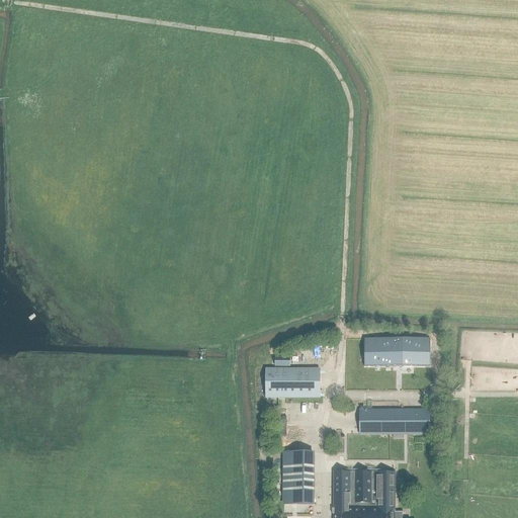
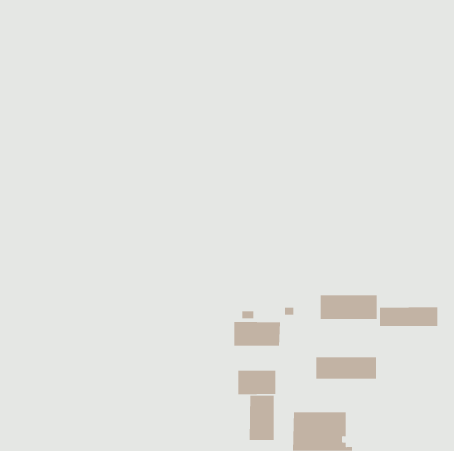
building: none -> [379,307,438,327]
building: none -> [238,370,276,395]

